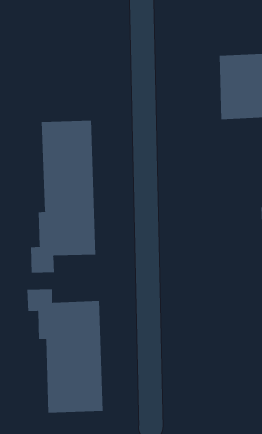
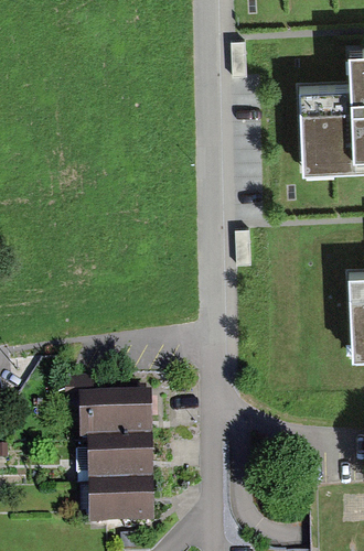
building: [30,120,96,274] -> none

